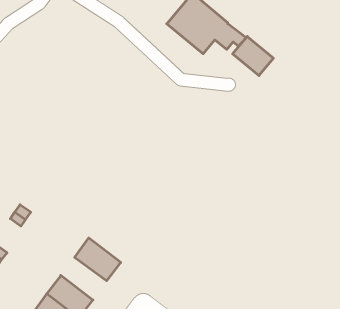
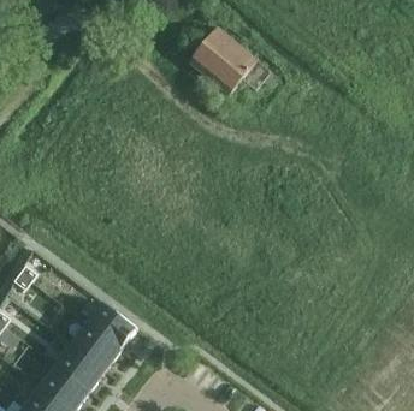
building: [233,36,273,76] -> none
building: none -> [69,323,120,371]

